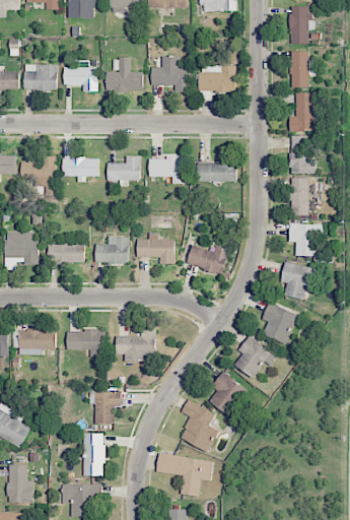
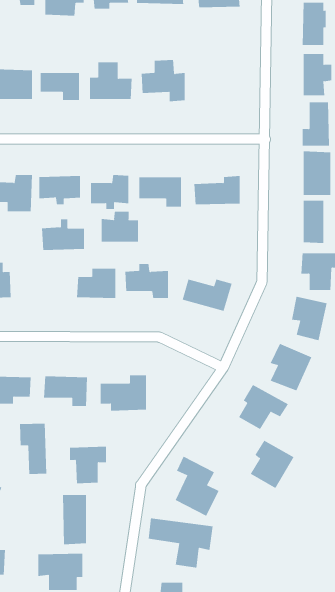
building: [199,65,235,91] -> none
building: none -> [101,211,138,242]
building: [47,237,84,264] -> [41,219,85,250]
building: none -> [20,423,47,475]
building: [208,373,247,415] -> [250,440,295,489]

